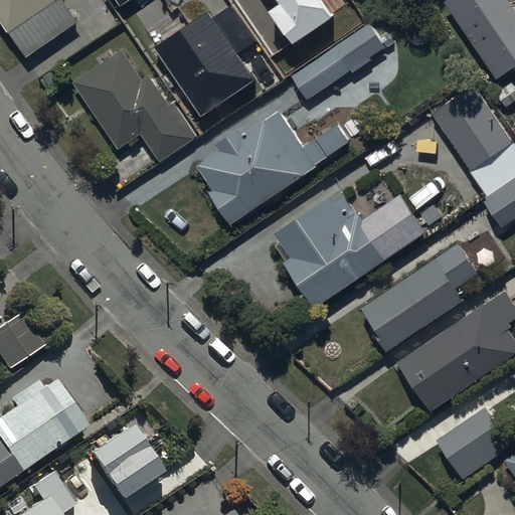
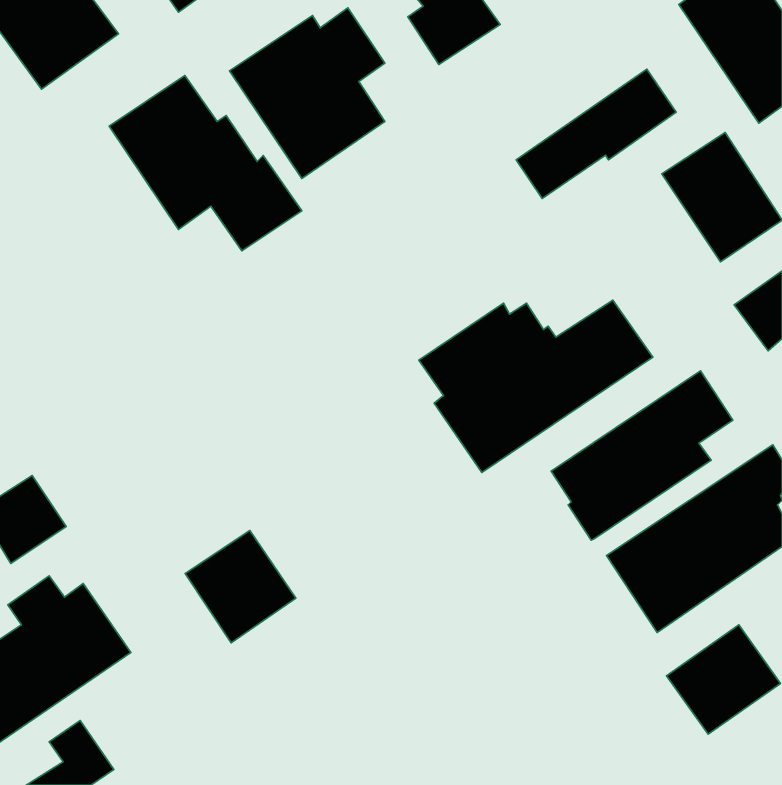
building: [290,15,394,100] -> [516,69,676,198]
building: [197,112,348,225] -> none
building: [91,423,163,497] -> [185,530,296,643]

